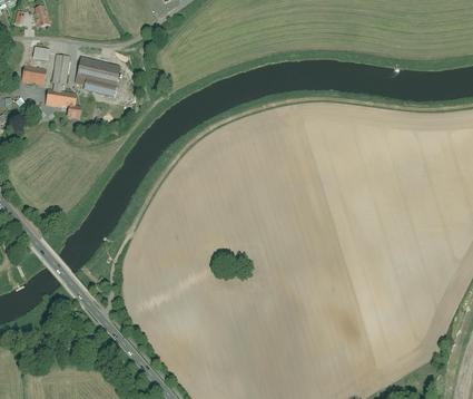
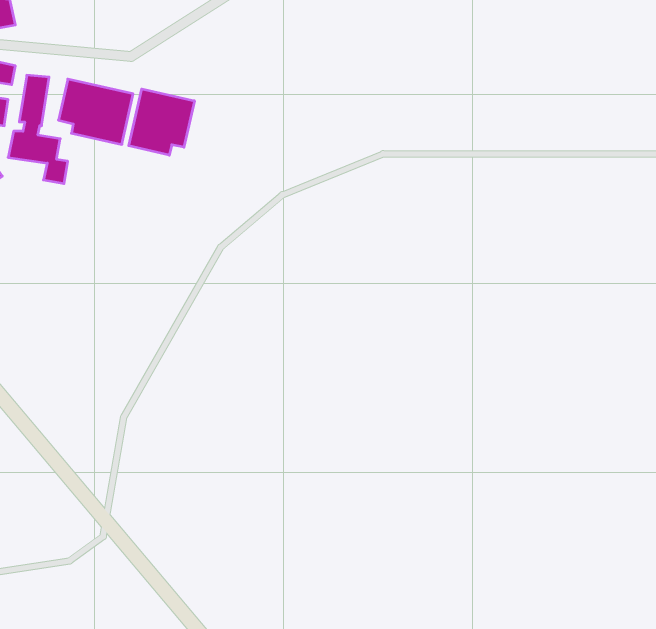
building: none -> [129,89,194,155]

